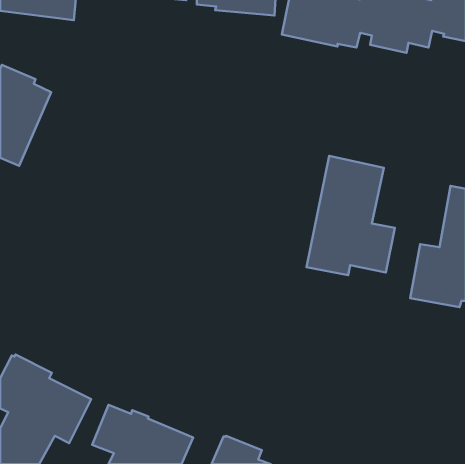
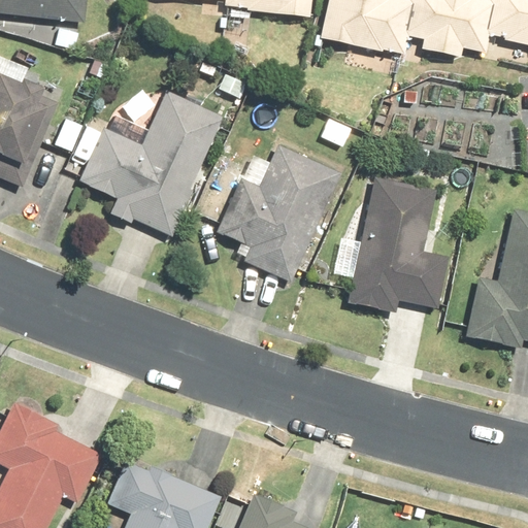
building: none -> [77,91,225,236]
building: none -> [214,144,340,282]

